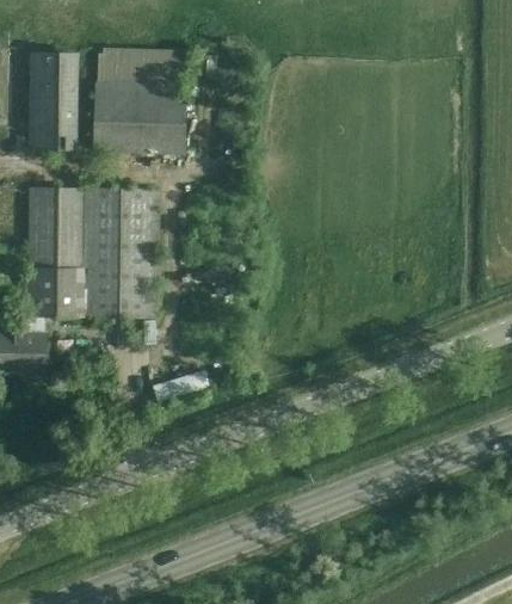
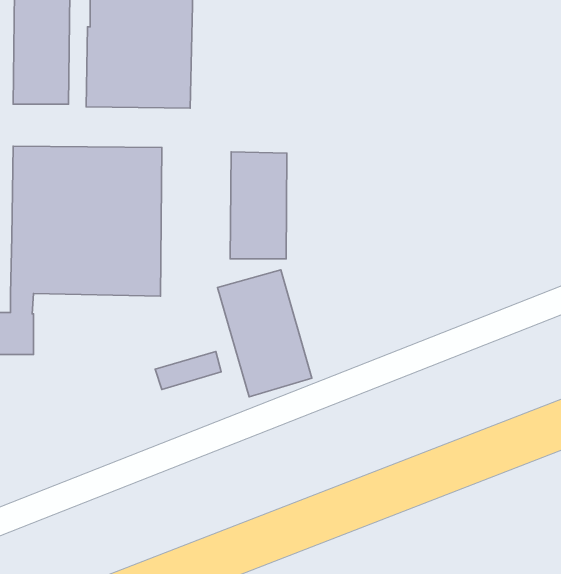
building: none -> [230,152,287,259]
building: none -> [217,270,312,397]

